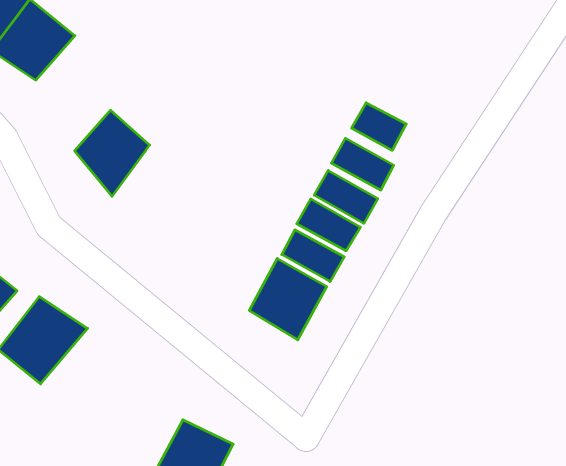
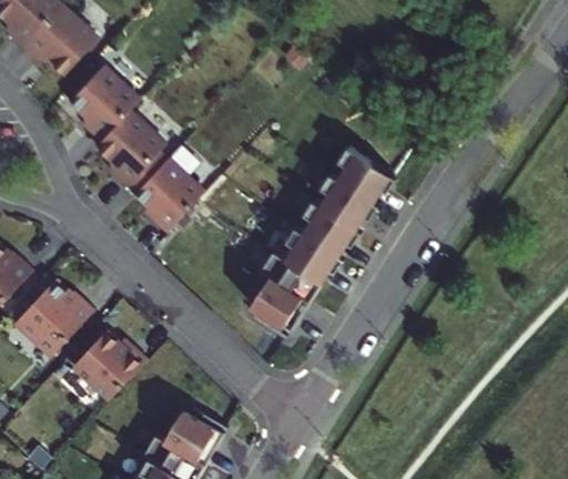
building: none -> [70,62,141,145]
building: [352,103,406,150] -> none
building: none -> [126,150,204,234]
building: none -> [72,324,146,398]

